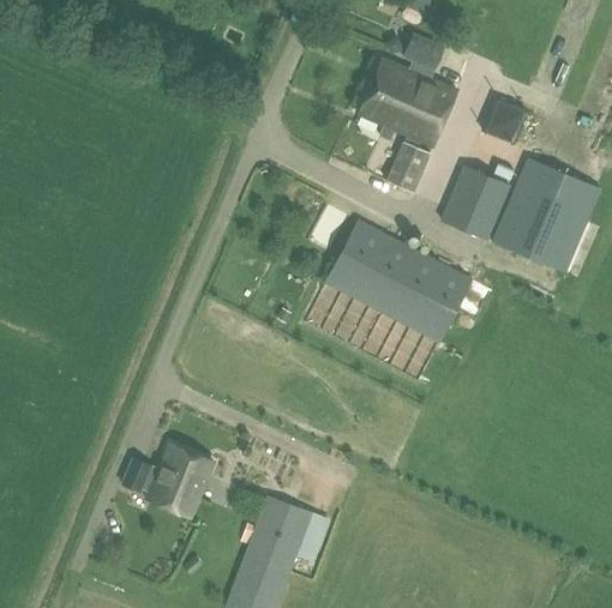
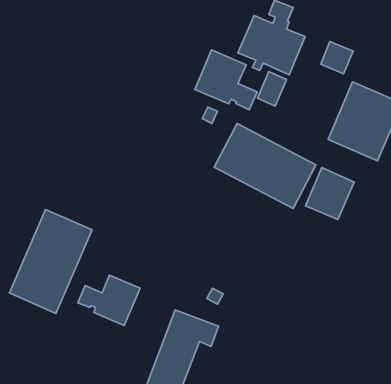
building: none -> [195,50,257,110]
building: [440,164,512,241] -> [305,168,354,219]
building: none -> [9,210,92,313]

